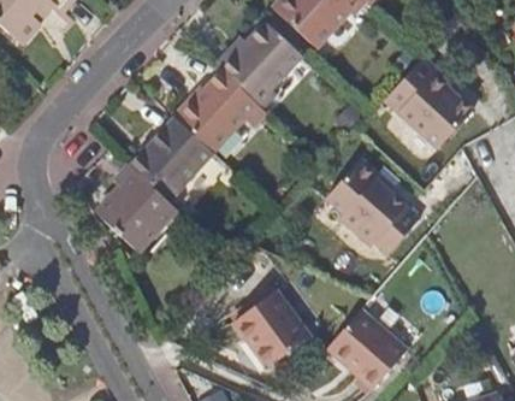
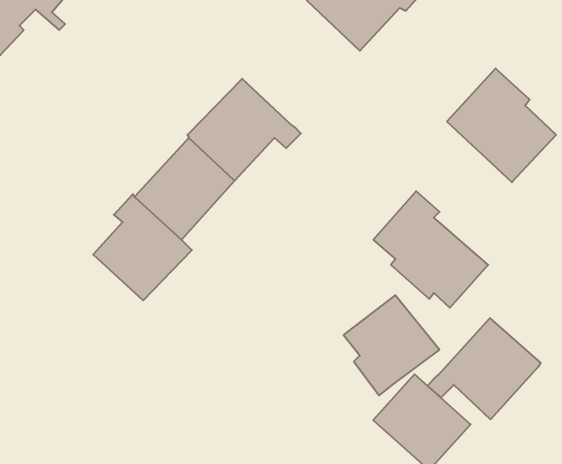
building: [215,20,303,107] -> none
building: none -> [428,318,541,419]
building: [231,288,309,370] -> [344,295,439,395]

